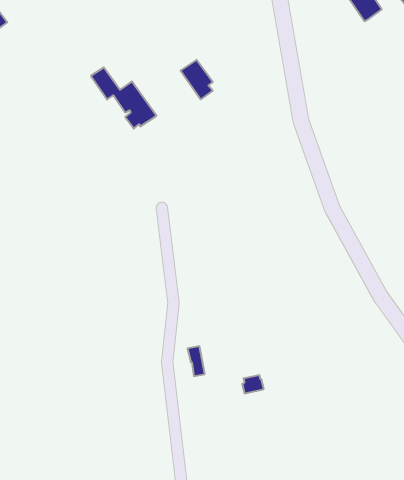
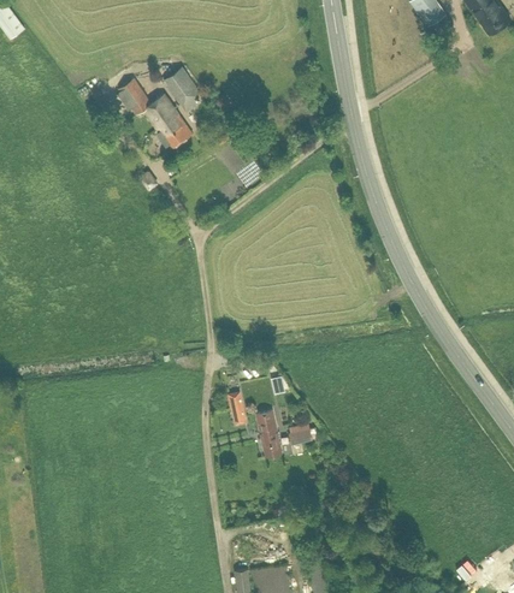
building: [181,60,213,99] -> [164,69,200,113]
building: none -> [256,410,282,458]

